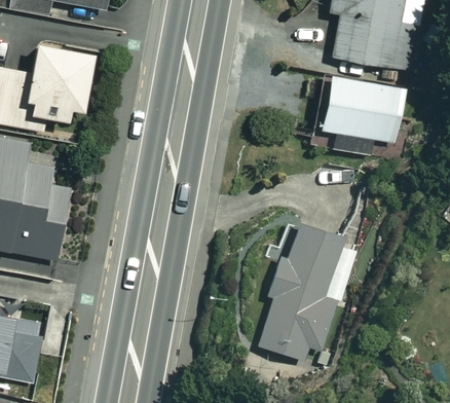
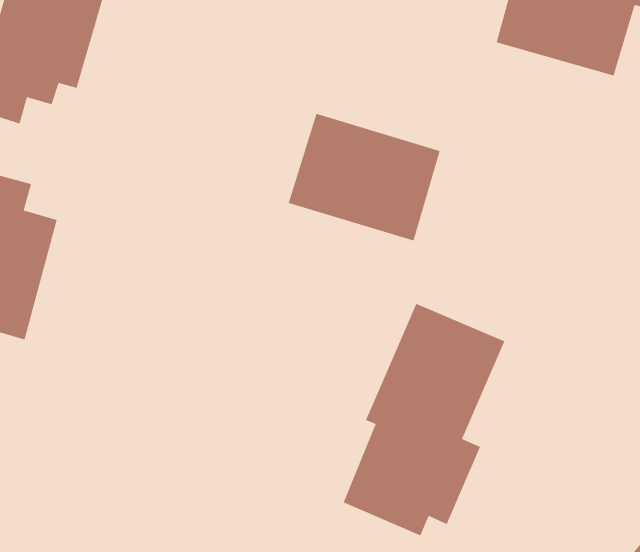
building: [313,71,404,144] -> [288,113,440,241]

